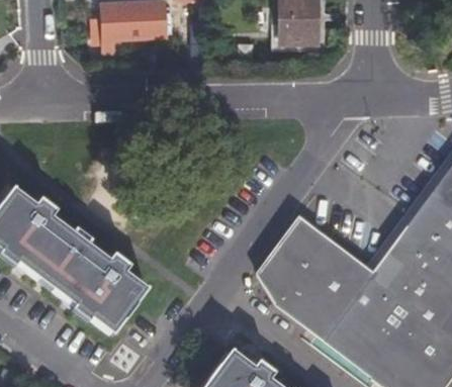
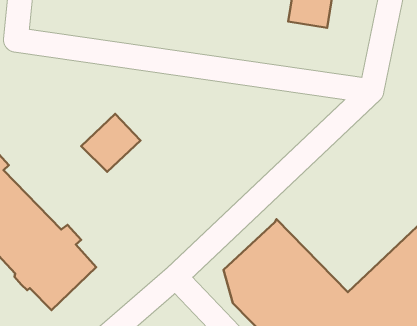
building: none -> [81,114,140,172]

